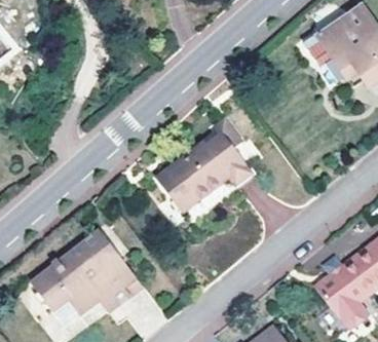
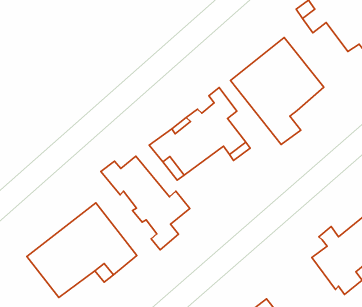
building: none -> [230,37,324,145]
building: none -> [101,156,190,250]

